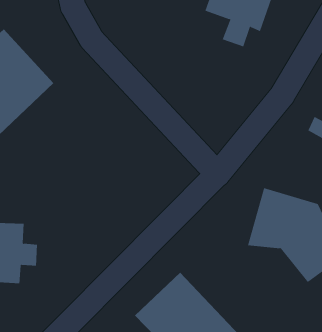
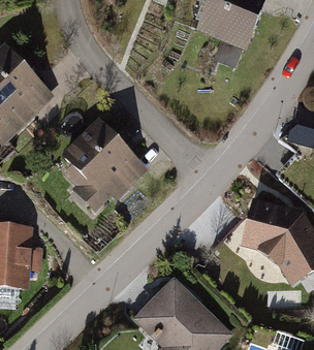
building: none -> [66,126,148,215]

